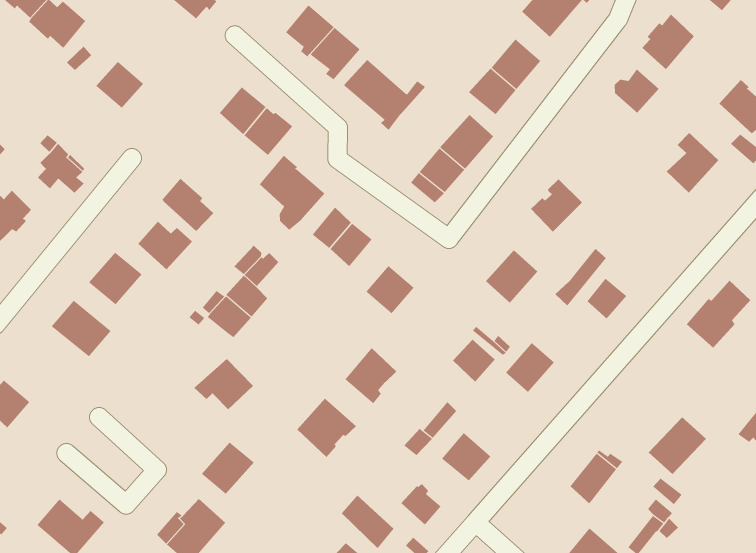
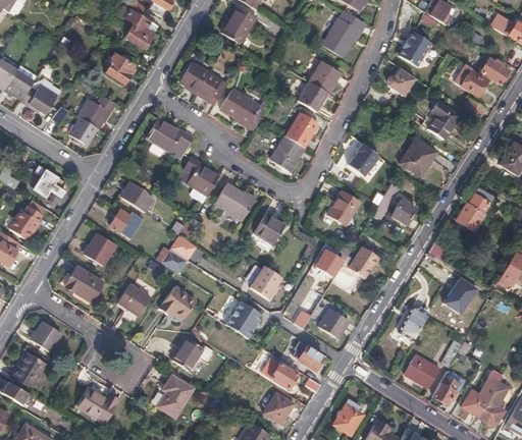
building: none -> [79,94,115,126]
building: none -> [399,136,436,173]
building: none -> [117,283,151,316]

